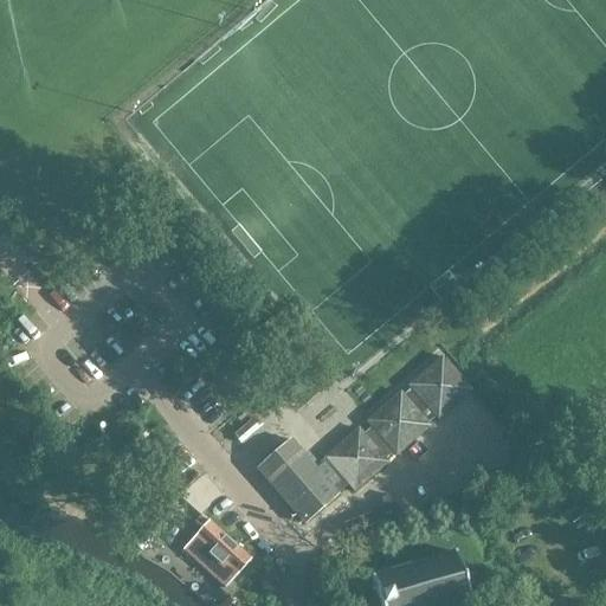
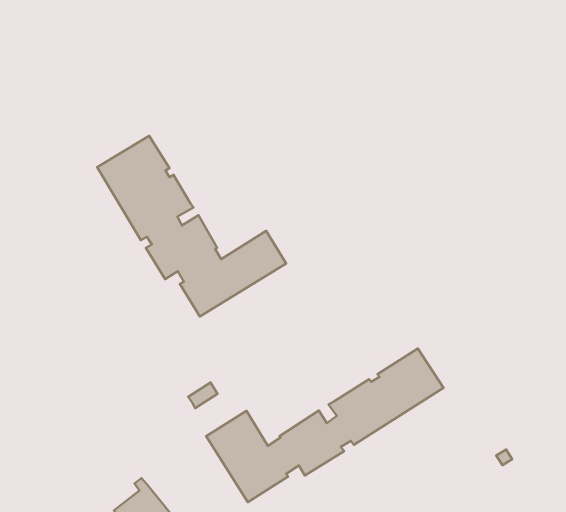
building: none -> [97,136,286,316]

